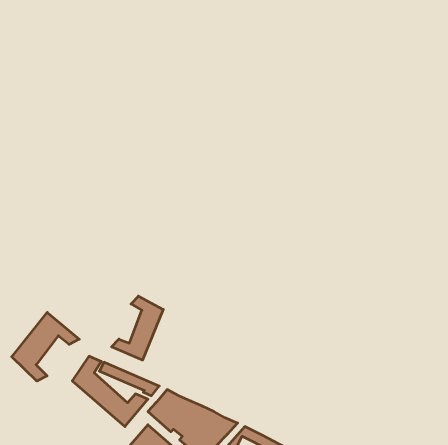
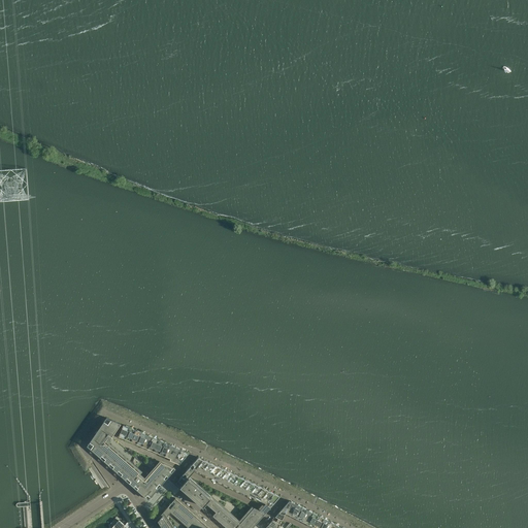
building: [112,296,163,360] -> none
building: [12,312,79,381] -> none

